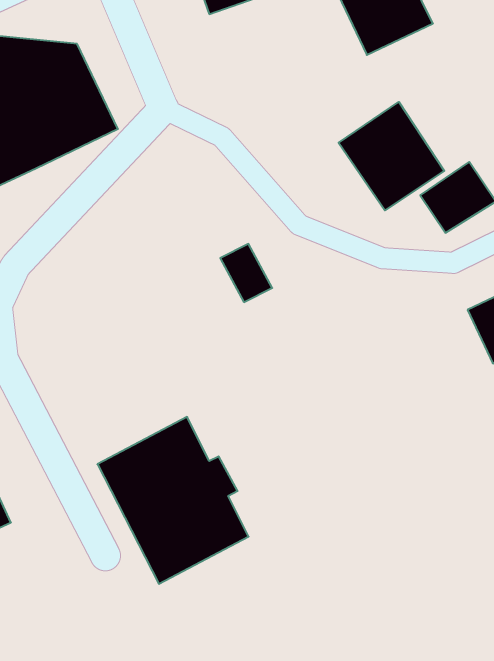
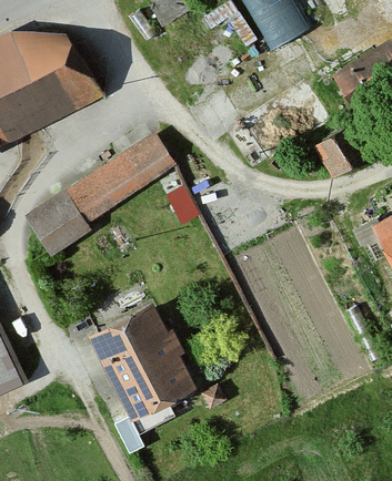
building: [339,102,444,210] -> none
building: none -> [30,130,180,255]

